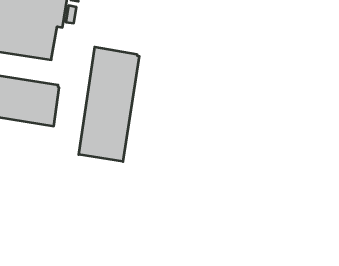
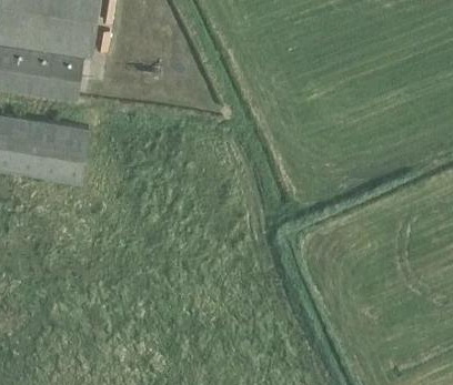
building: [79,47,139,162] -> none

